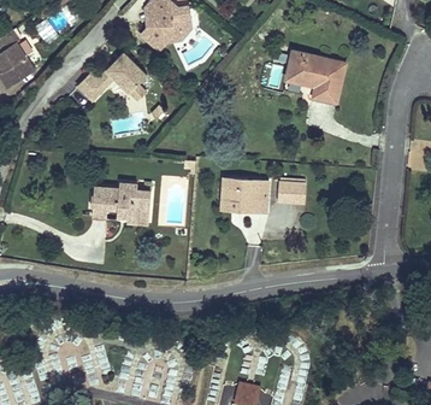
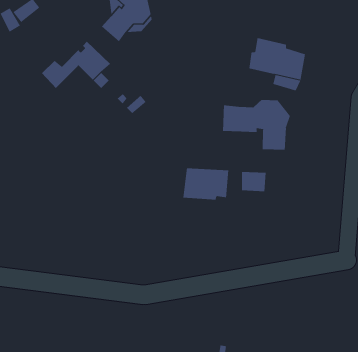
building: none -> [222,99,290,150]
building: [93,182,152,218] -> none

